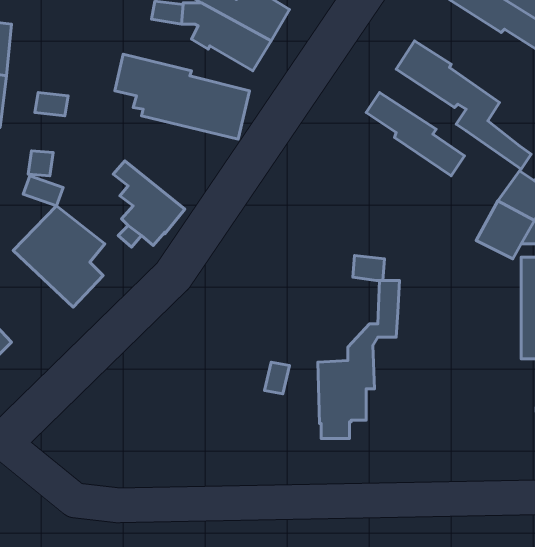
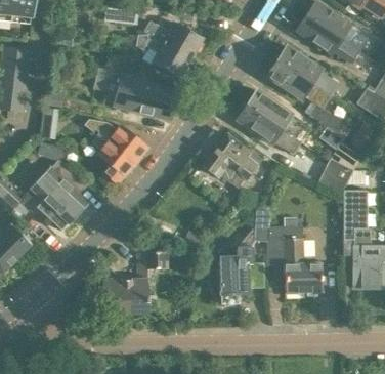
building: none -> [277,45,338,96]
building: none -> [237,102,300,154]
building: none -> [83,119,147,162]
building: none -> [203,134,260,189]
building: none -> [265,225,322,292]
building: none -> [100,251,165,313]

